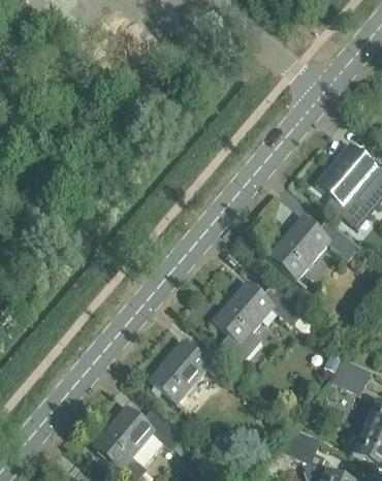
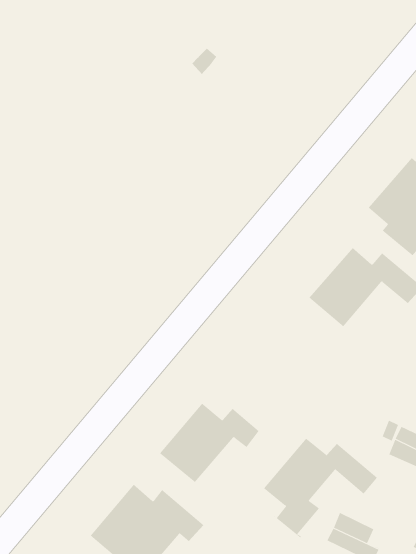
building: [213,281,305,361] -> [263,438,378,538]

